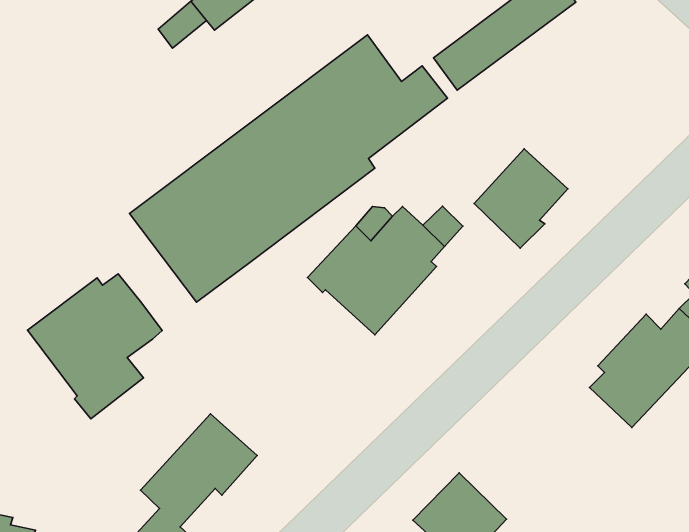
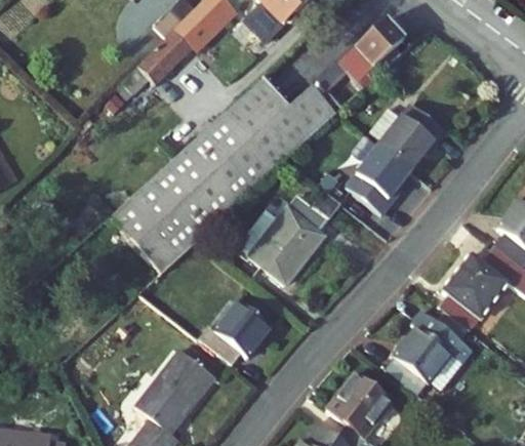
building: none -> [370,104,447,170]
building: [27,274,162,419] -> none
building: none -> [199,300,273,364]
building: none -> [385,311,474,396]

